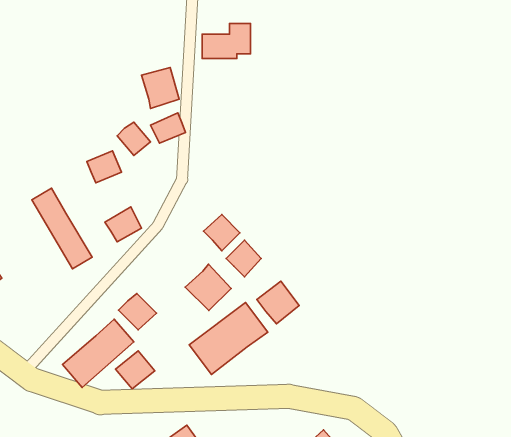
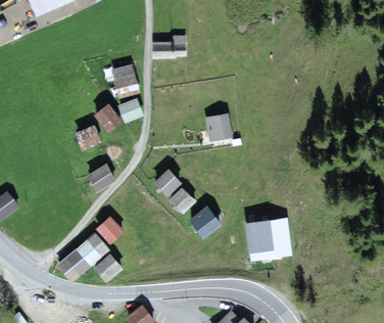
building: none -> [204,108,231,134]
building: [32,188,92,269] -> none
building: [185,264,231,310] -> none
building: none -> [245,219,292,261]
building: [189,303,268,374] -> none

